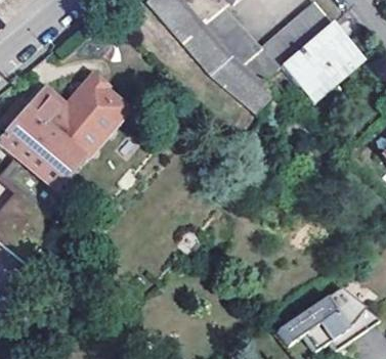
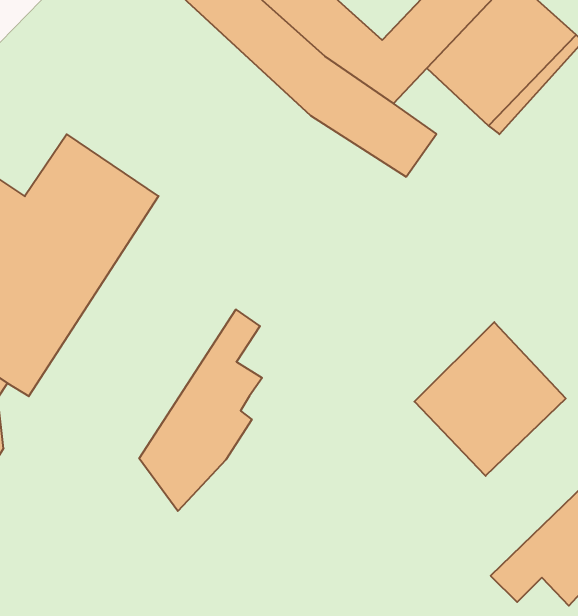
building: none -> [139,309,262,511]
building: none -> [414,322,566,476]

